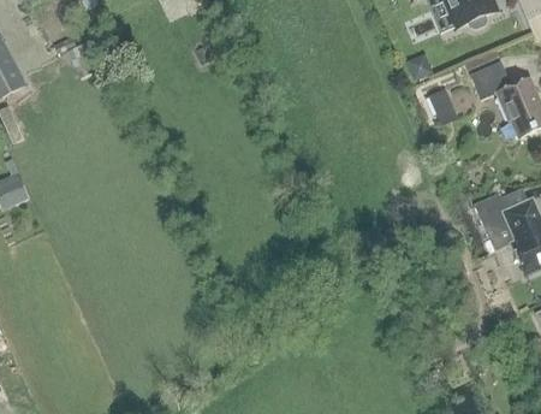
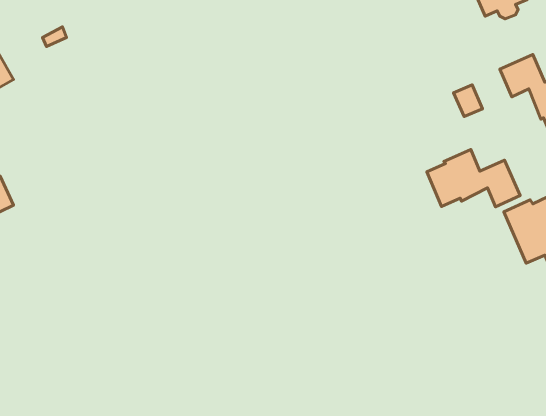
building: none -> [427,149,520,207]

